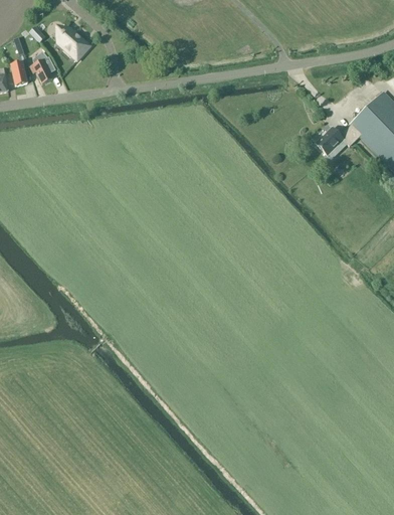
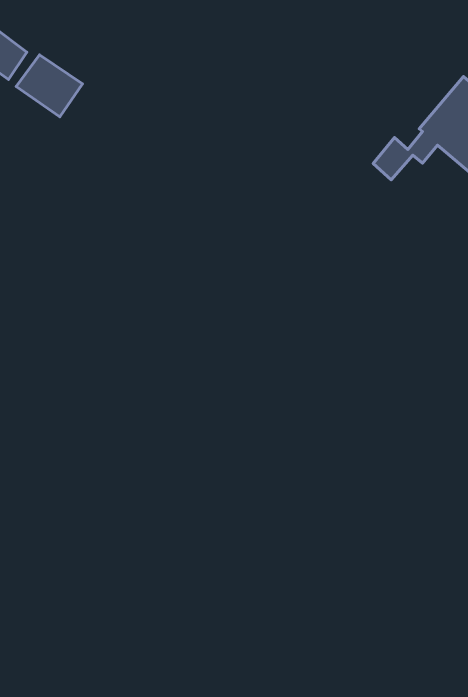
building: none -> [16,55,83,117]

